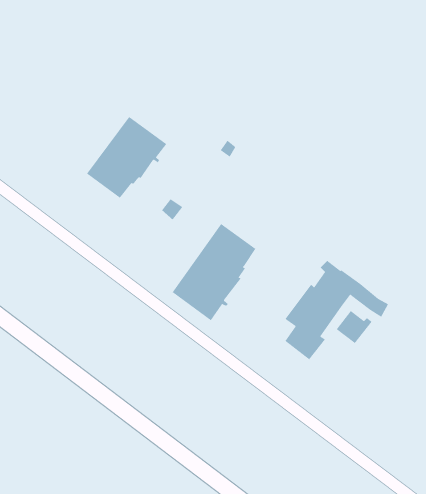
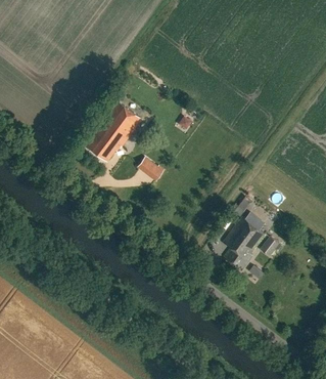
building: [172,223,256,321] -> none

